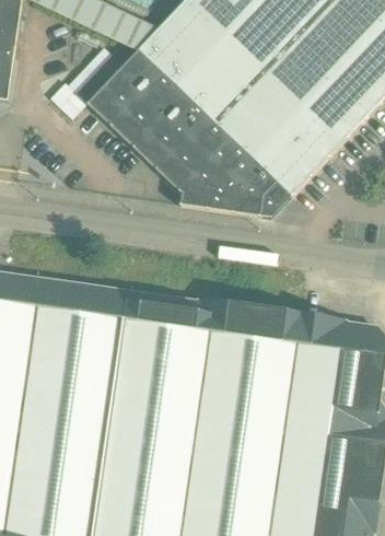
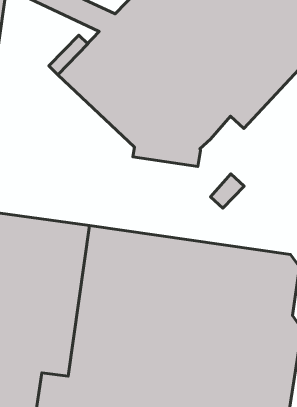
building: [276,153,317,196] -> [211,174,244,208]

